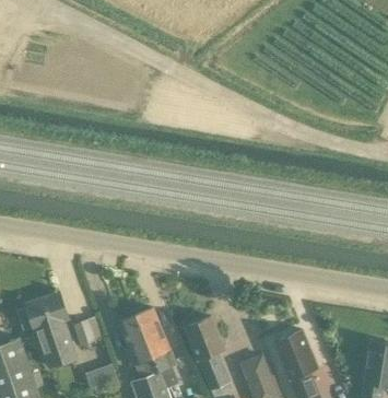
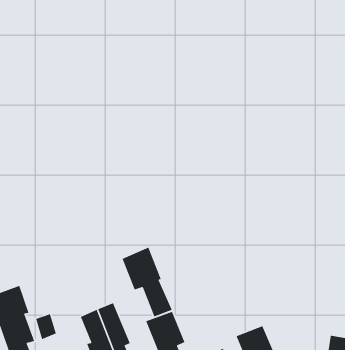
building: none -> [122,246,173,318]

